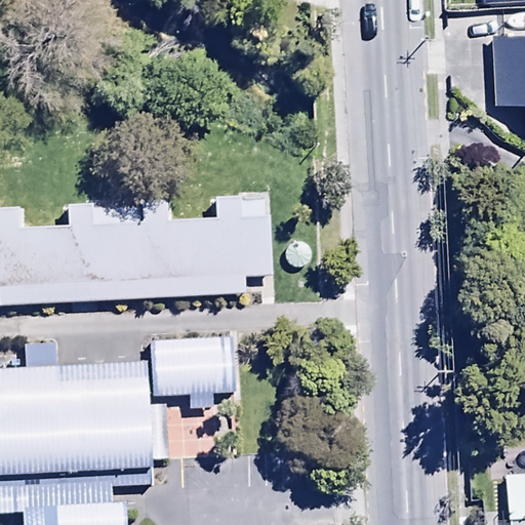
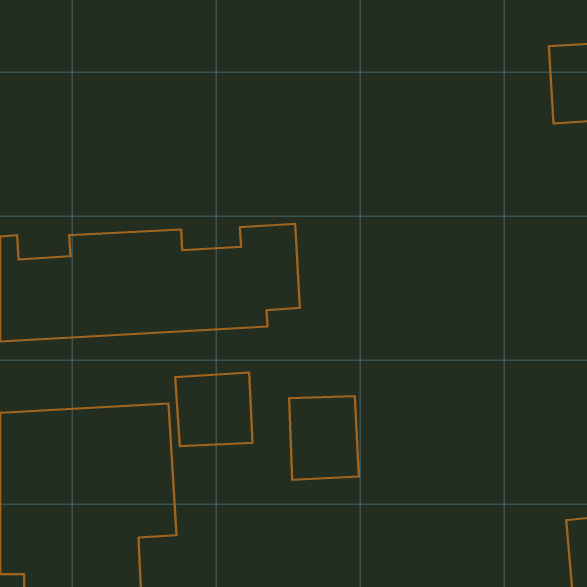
building: none -> [289,396,359,480]

